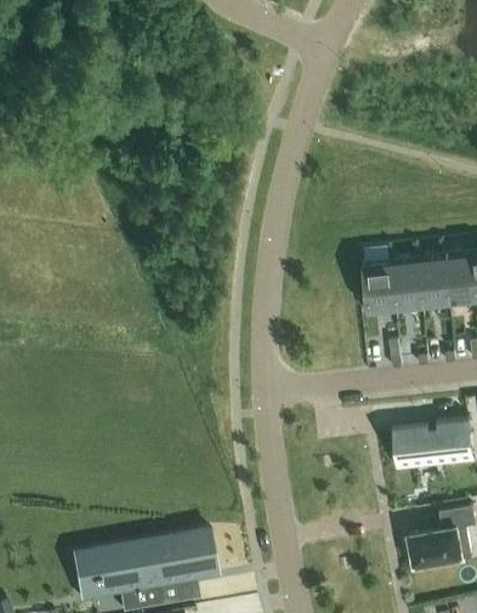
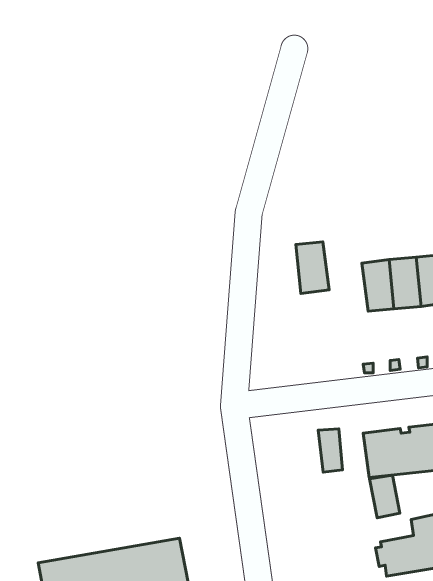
building: [364,260,397,311] -> [296,242,329,294]
building: none -> [318,429,343,472]
building: none -> [369,475,400,518]

